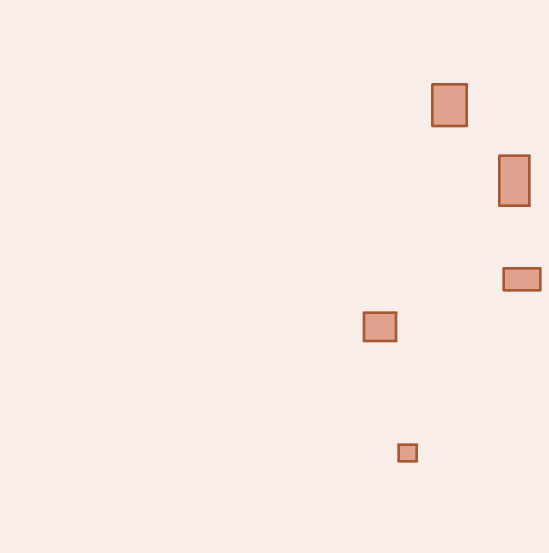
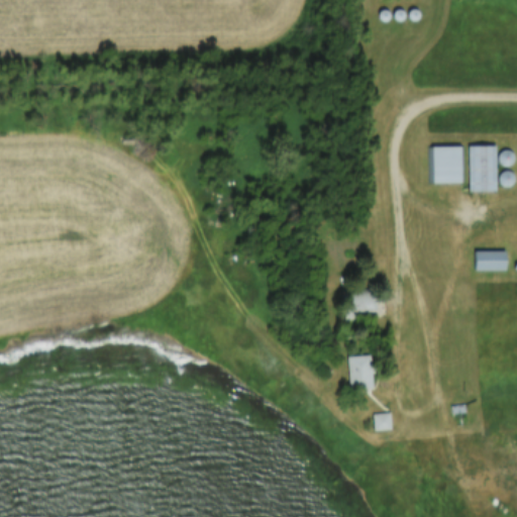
building: [432,85,467,126] -> [432,145,464,184]
building: none -> [350,356,374,390]

